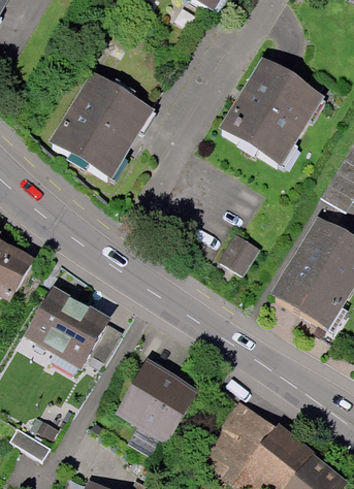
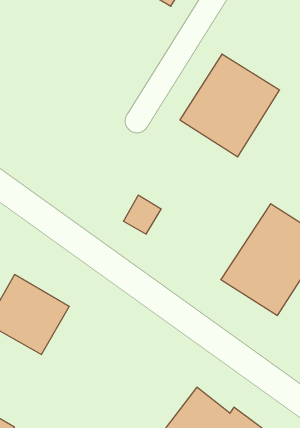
building: [47,69,153,177] -> none
building: [220,231,259,271] -> [123,195,161,234]
building: [118,361,195,439] -> none

